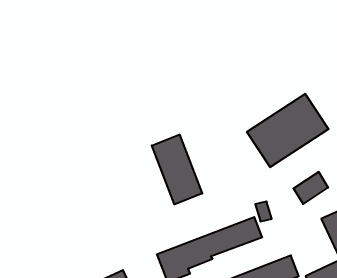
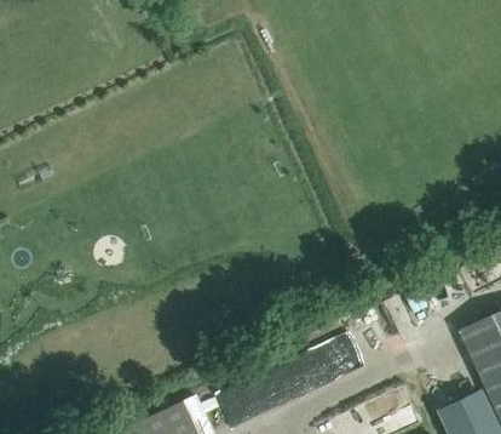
building: [247,94,329,167] -> none
building: [152,135,202,204] -> none

